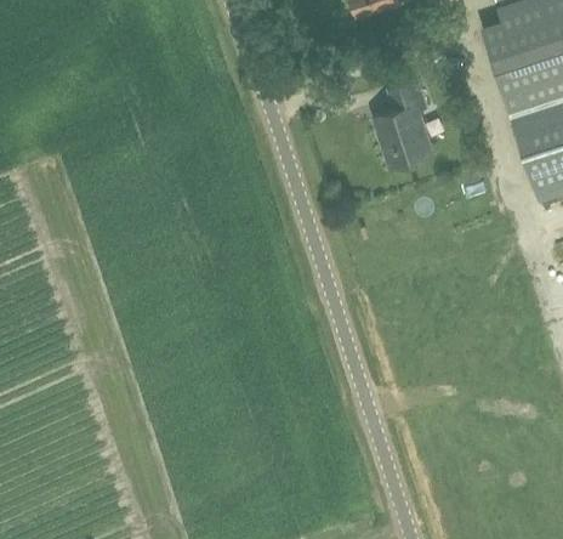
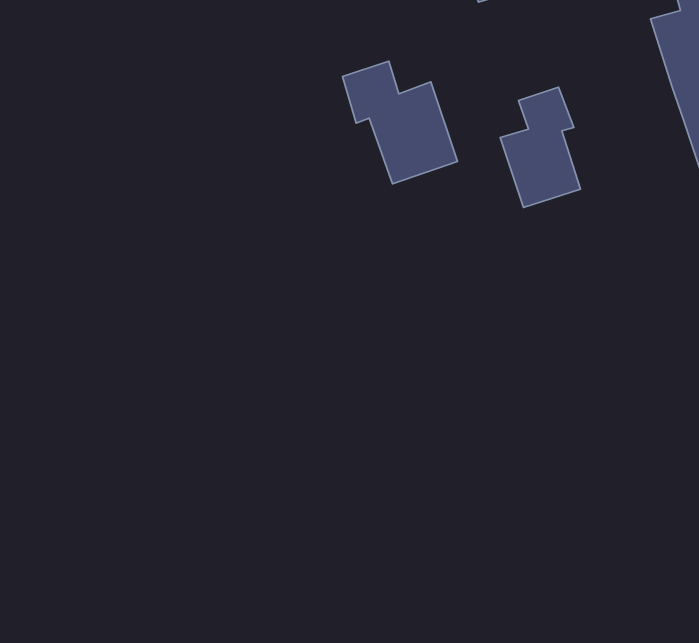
building: none -> [343,61,457,184]

